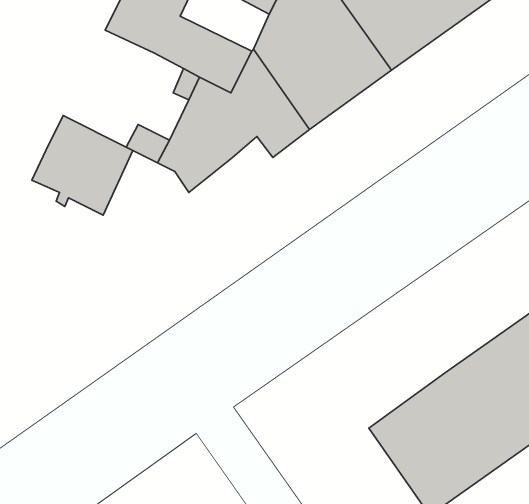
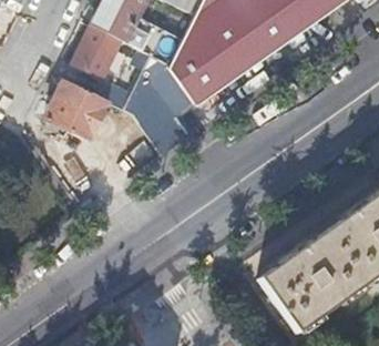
building: none -> [72,24,122,79]
building: none -> [144,105,192,154]

